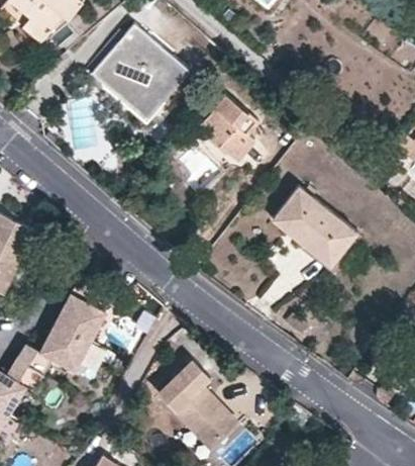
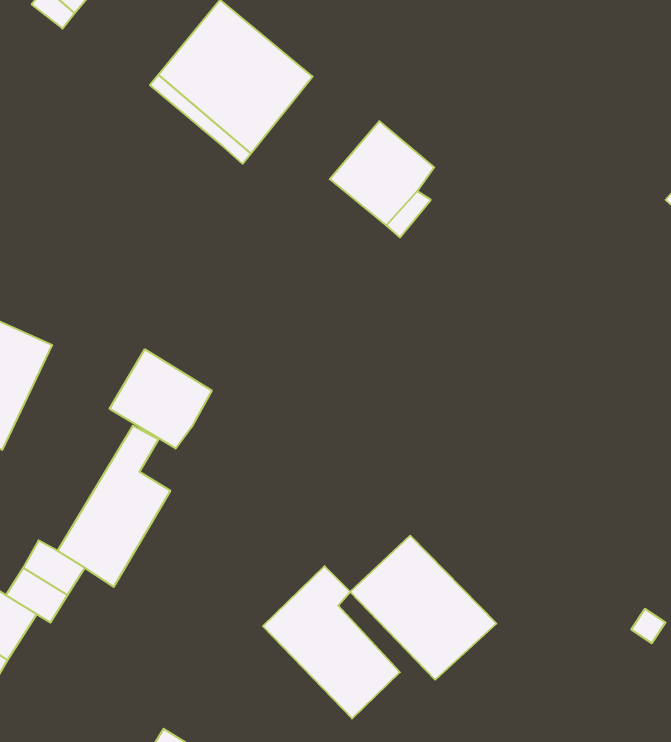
building: [273,186,358,267] -> none
building: none -> [110,349,212,449]
building: none -> [350,536,496,680]

